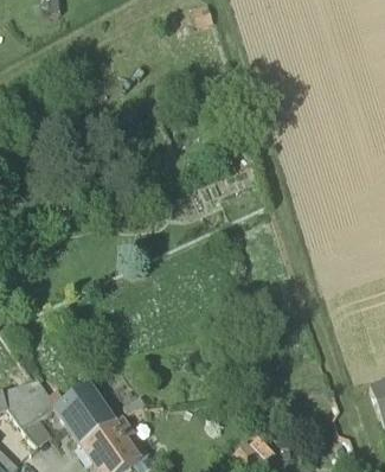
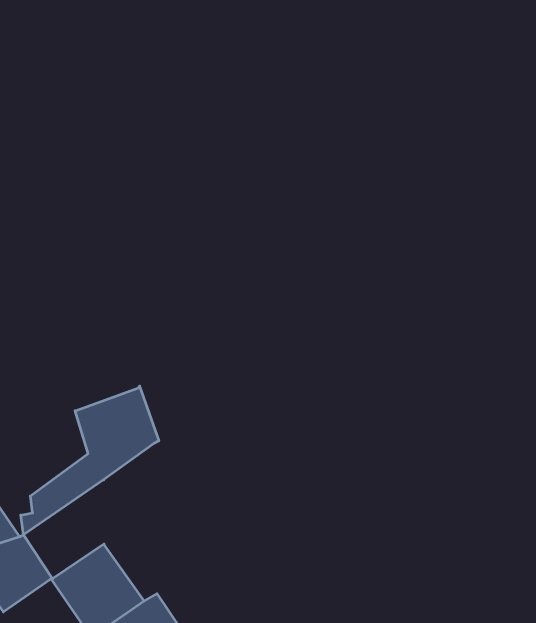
building: none -> [21,386,159,535]

